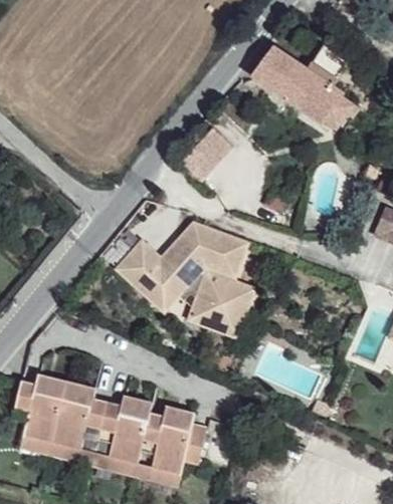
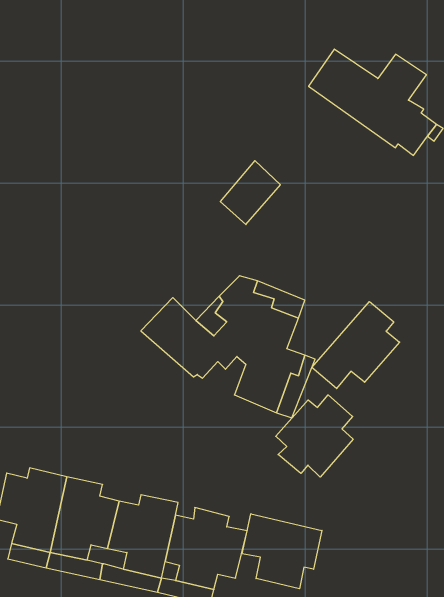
building: none -> [312,302,400,389]
building: none -> [276,395,353,477]
building: none -> [242,514,322,589]

